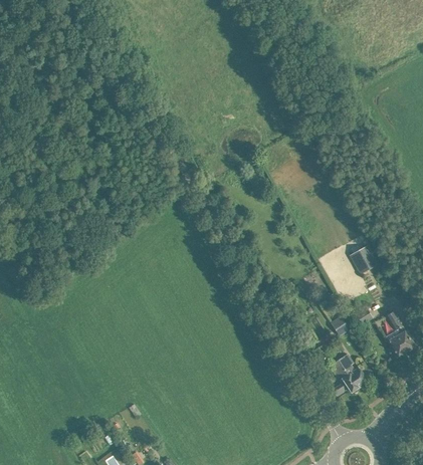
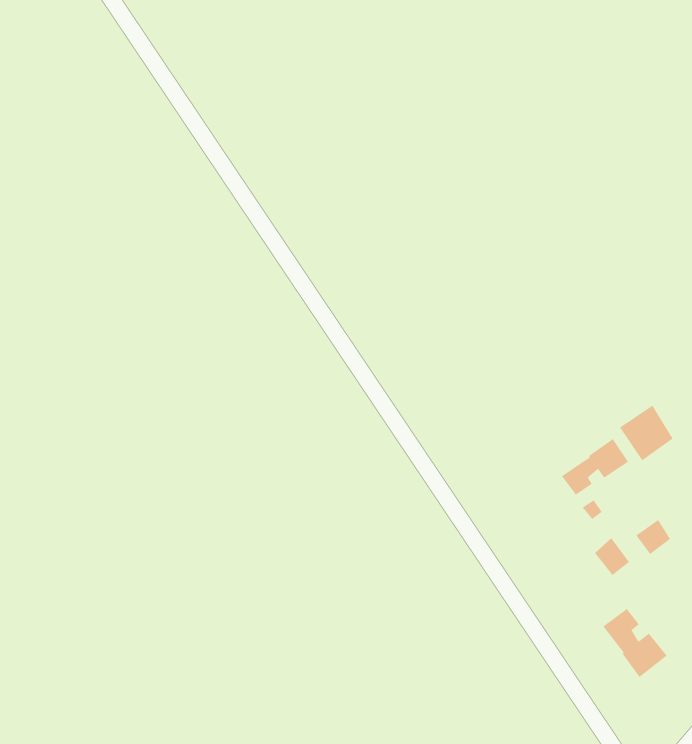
building: none -> [561,438,629,496]

